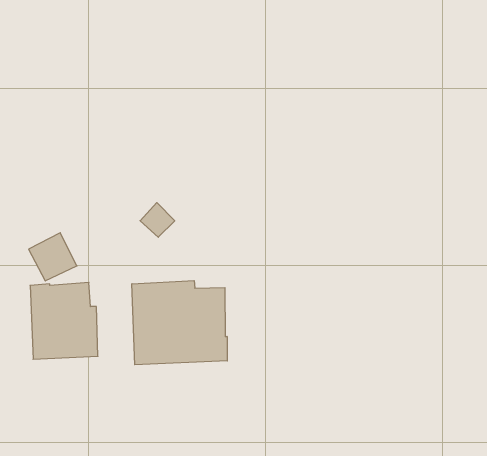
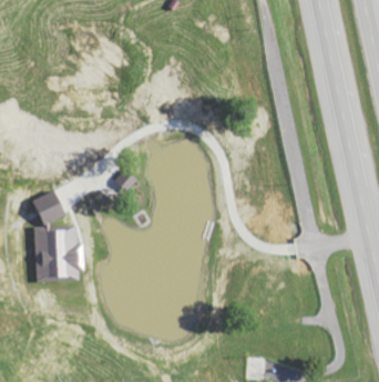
building: [132,281,227,365] -> none

